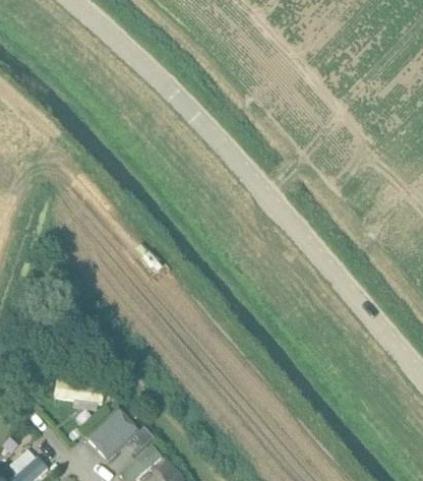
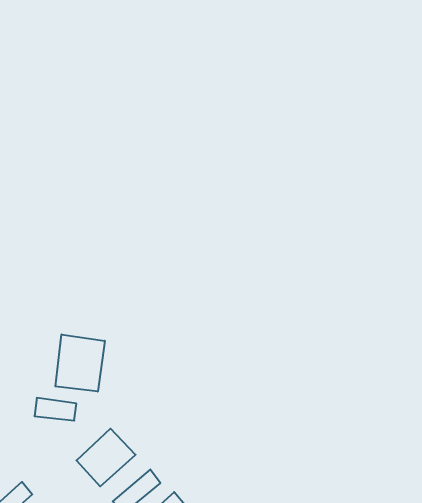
building: none -> [55,334,105,392]

